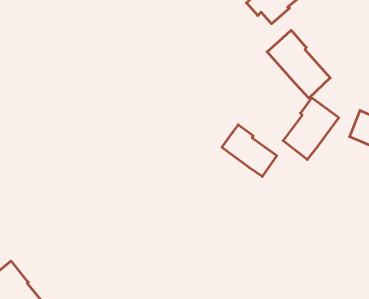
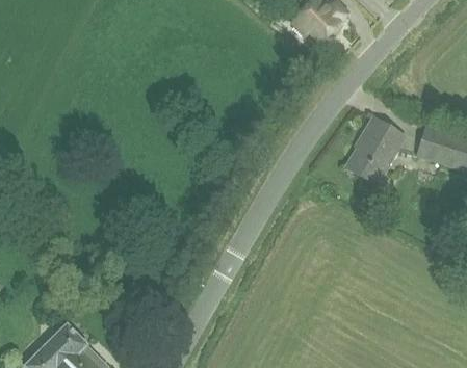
building: [267,30,330,98] -> none
building: [222,125,277,177] -> none

